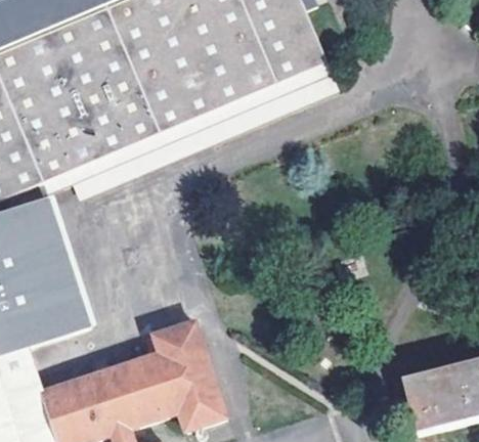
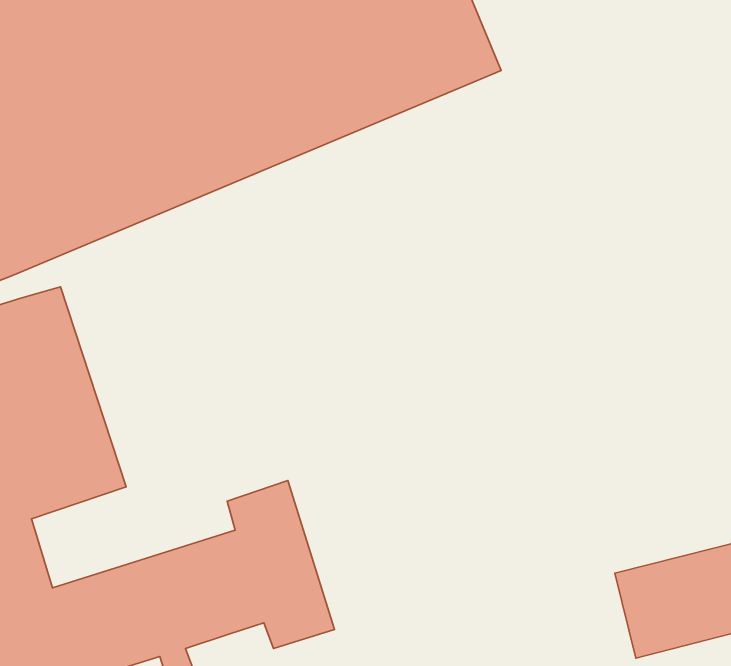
building: [14,60,340,326] -> none

